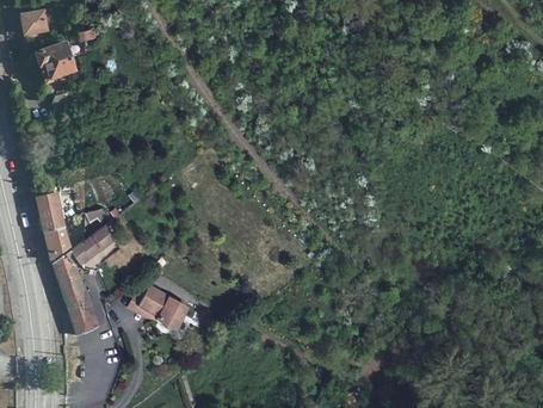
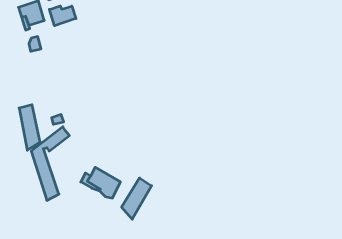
building: none -> [49,6,76,26]
building: none -> [122,178,152,219]

